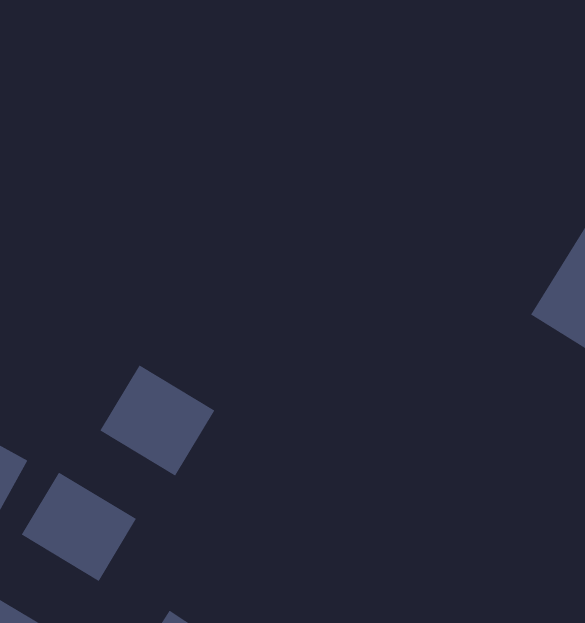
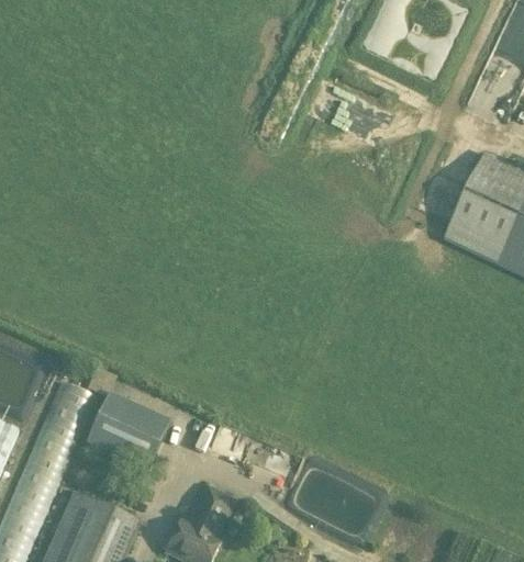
building: [100,364,215,477] -> none

